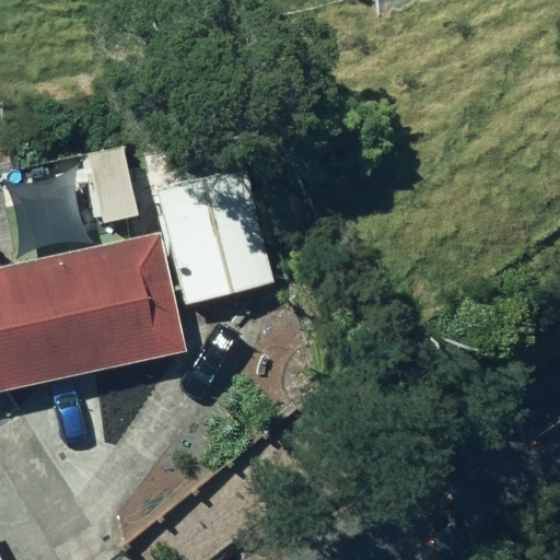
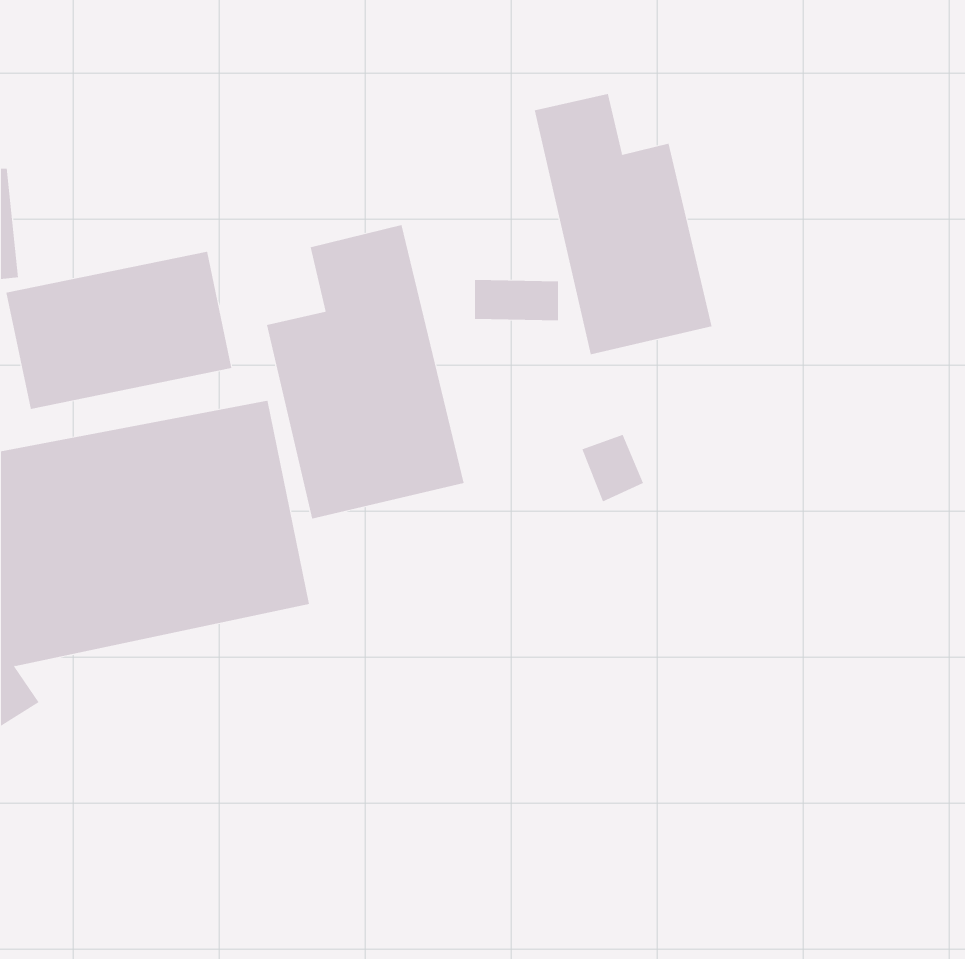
building: none -> [534,93,712,355]

